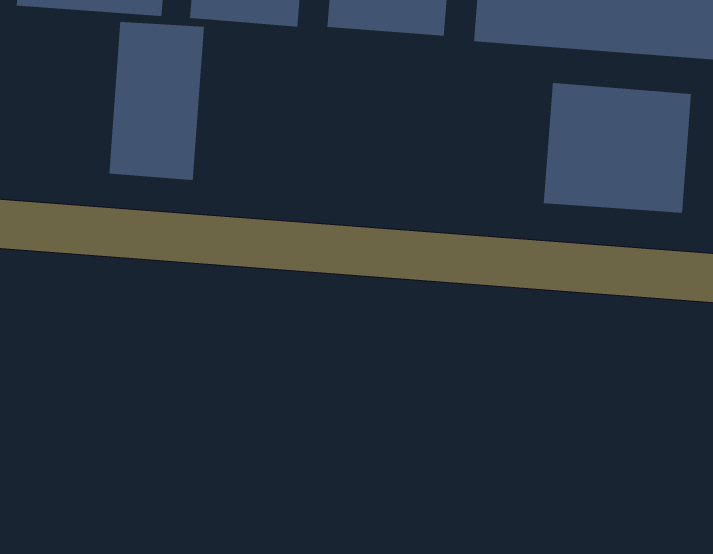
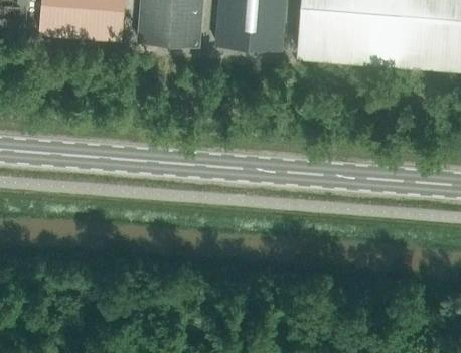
building: [109,21,204,181] -> none
building: [543,82,692,214] -> none

